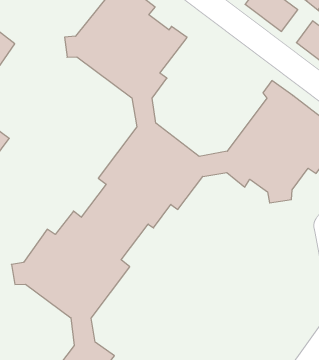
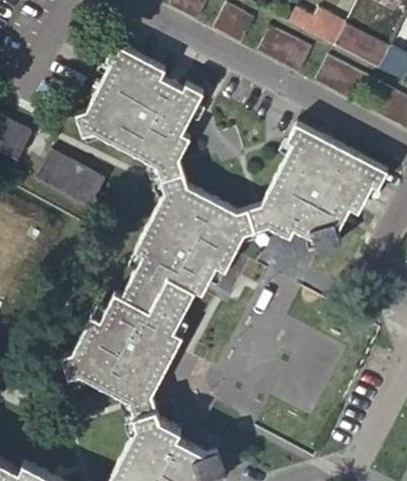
building: none -> [34,148,100,202]

